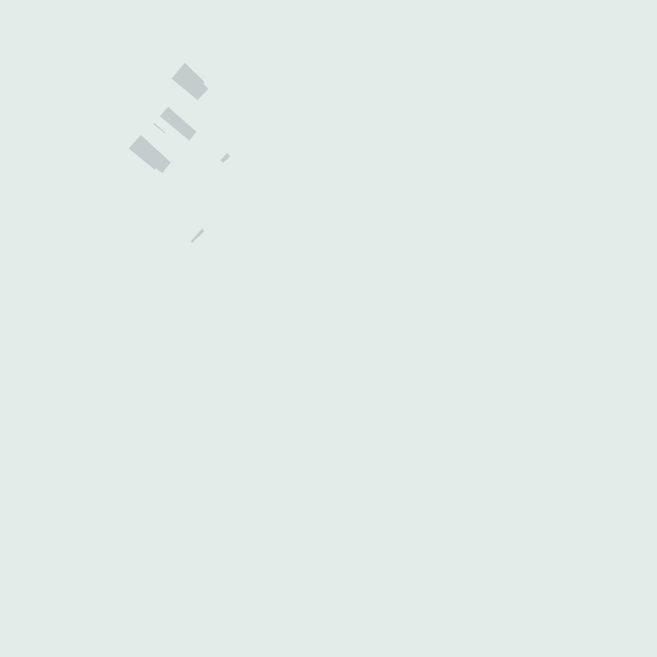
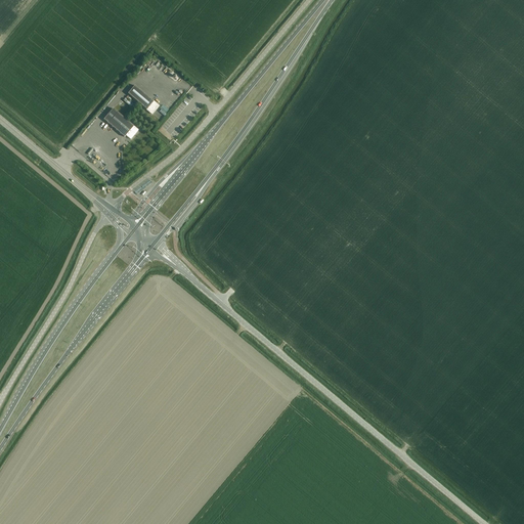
building: [171,62,209,101] -> none

